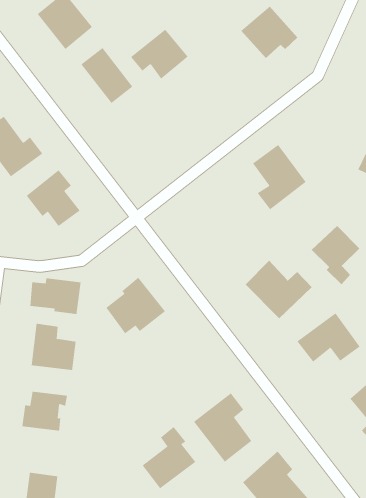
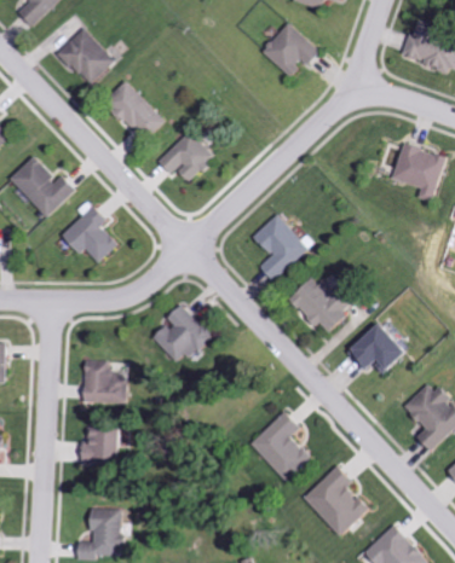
building: [130,29,189,79] -> [155,130,213,181]
building: [252,144,306,210] -> [250,214,306,280]
building: [311,225,360,285] -> none
building: [30,278,81,315] -> none
building: [142,426,196,489] -> none

